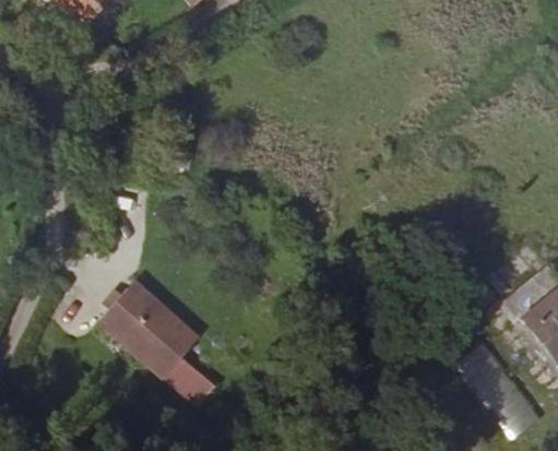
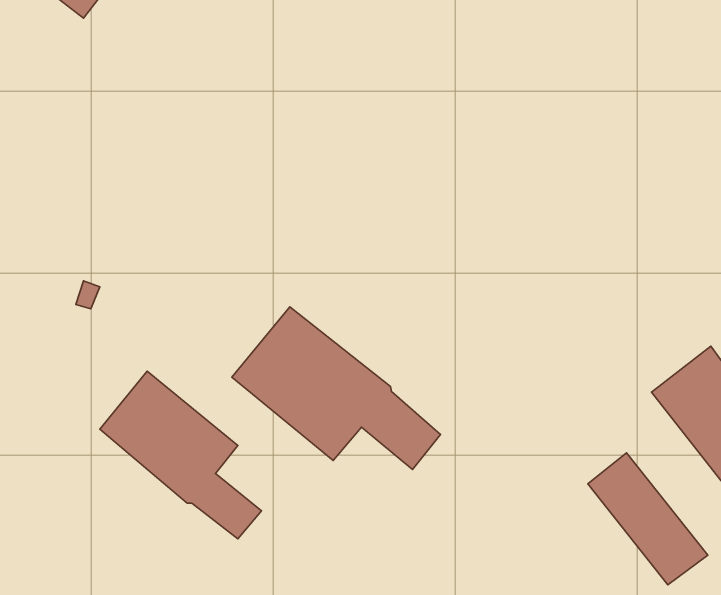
building: none -> [232,307,440,470]

